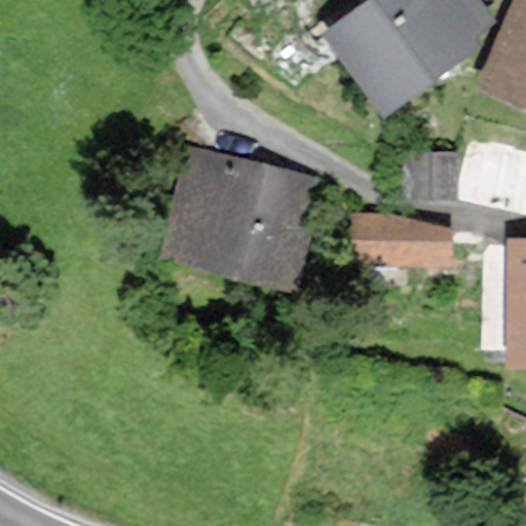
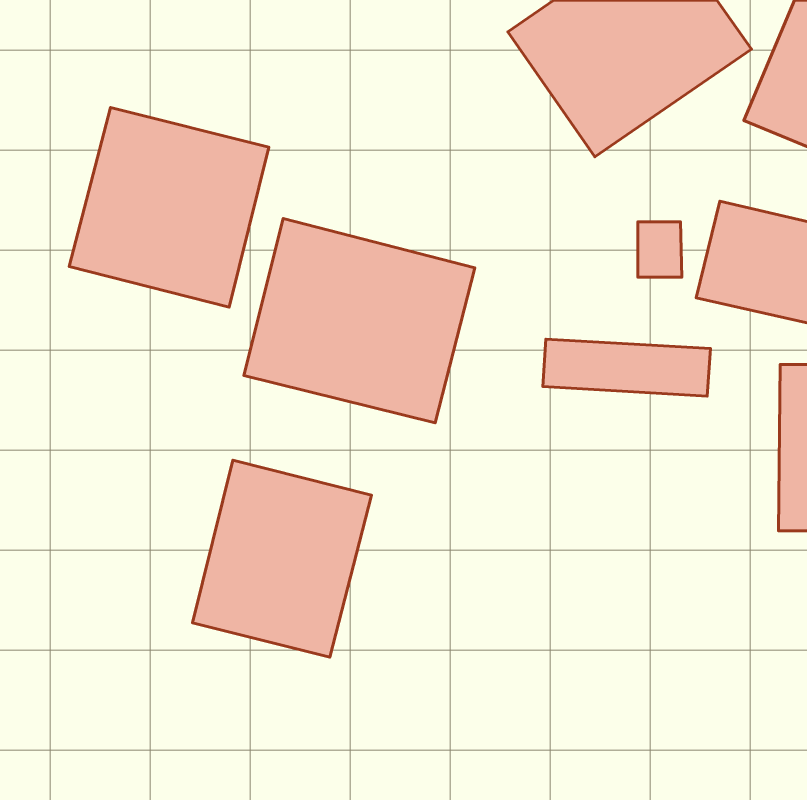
building: none -> [69,108,269,307]
building: none -> [192,460,371,657]

